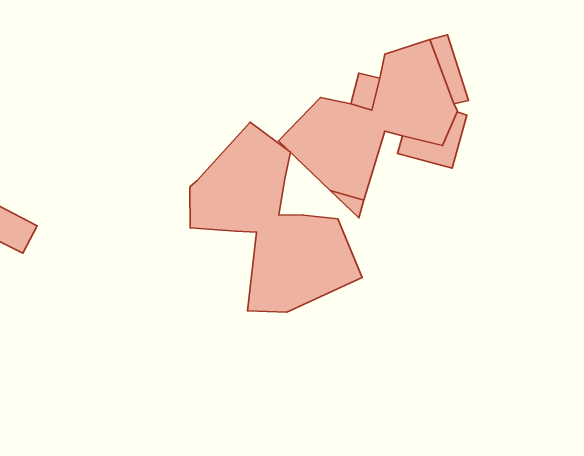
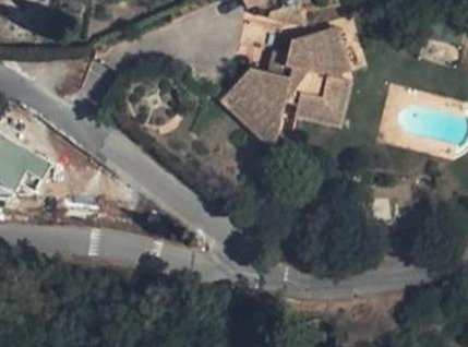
building: [190,122,362,312] -> none

